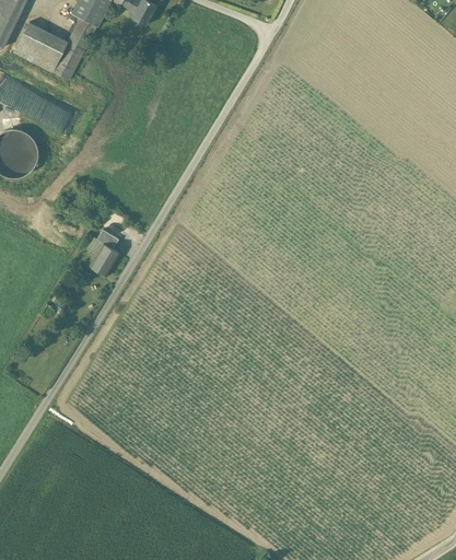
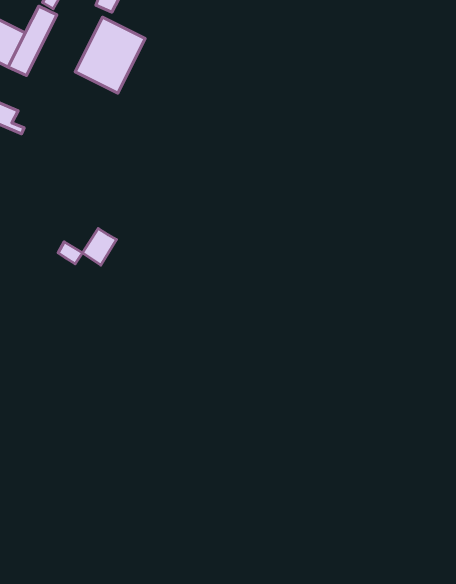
building: none -> [75,17,145,93]
building: [90,243,120,276] -> [82,229,117,265]

